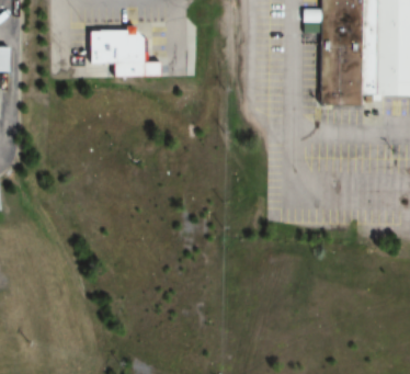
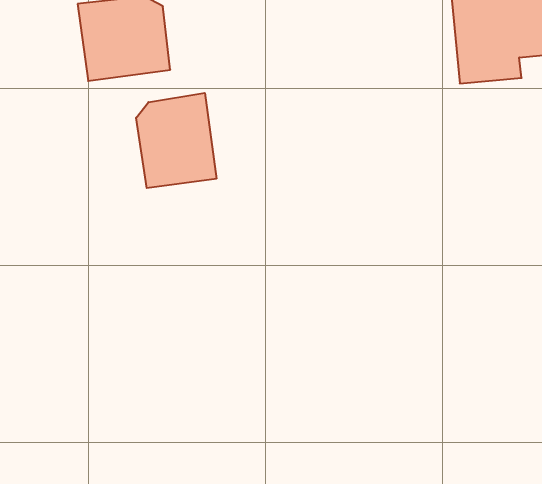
building: none -> [136,93,216,188]

